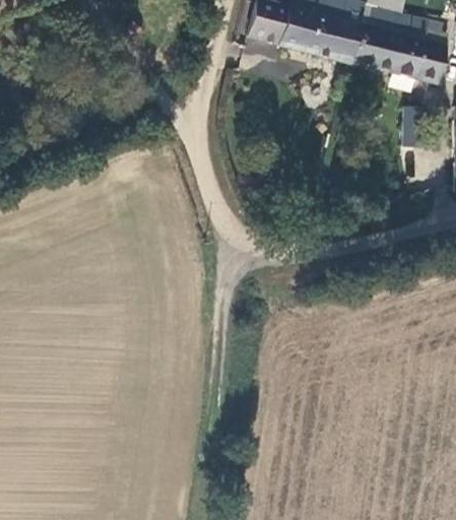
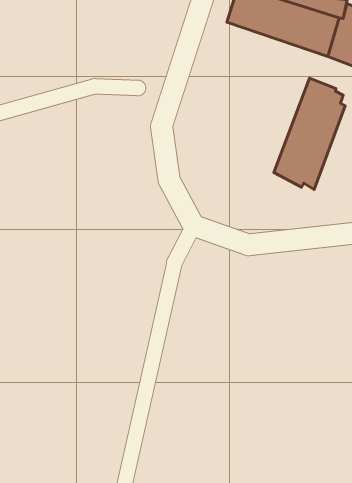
building: none -> [274,78,345,189]

